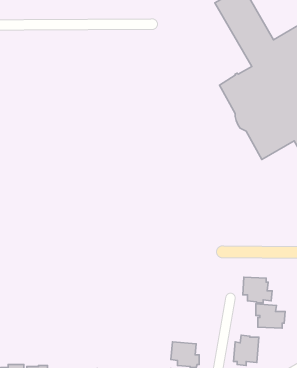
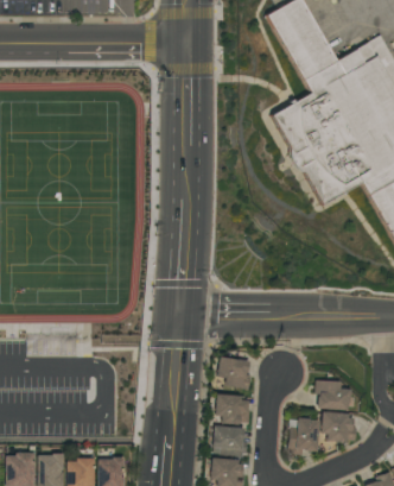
building: [243,277,272,303] -> [322,411,357,442]
building: none -> [217,356,252,390]
building: none -> [216,393,250,423]

